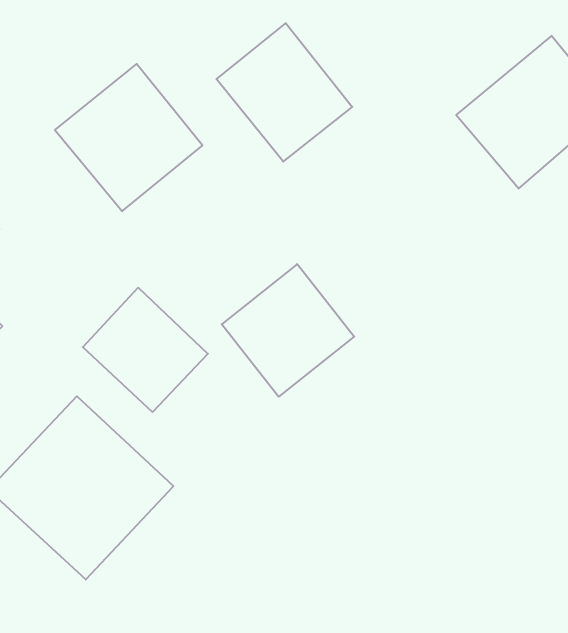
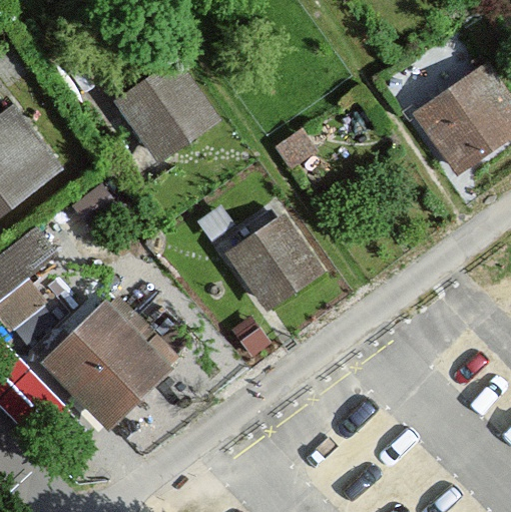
building: [216,23,352,162] -> none
building: [83,288,208,412] -> none

